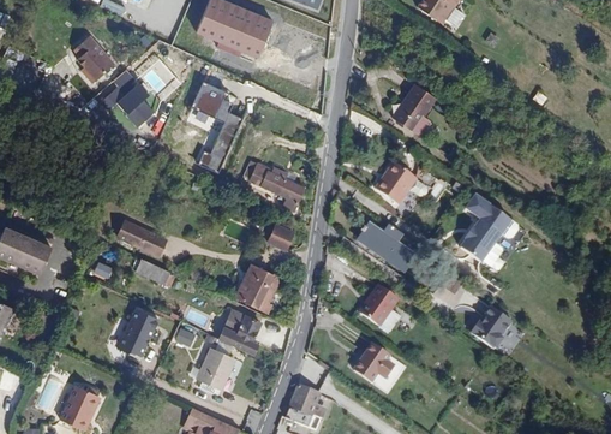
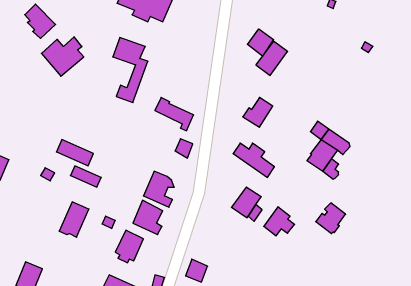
building: none -> [247,29,274,56]
building: [352,343,394,382] -> [264,207,295,236]

